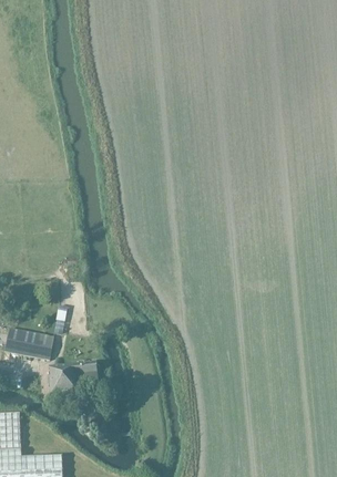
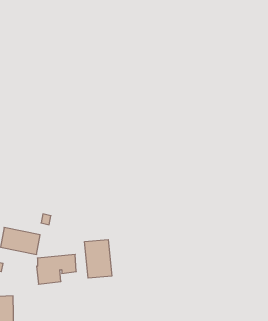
building: none -> [85,240,112,278]

